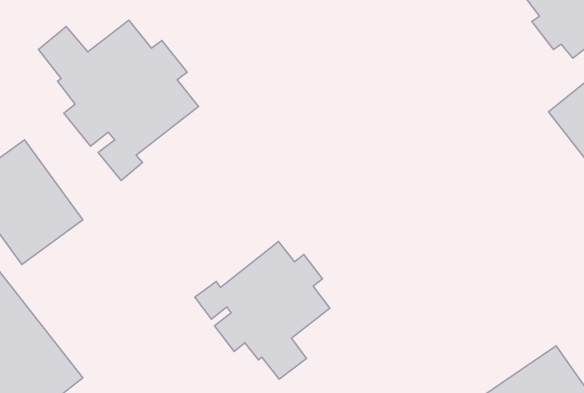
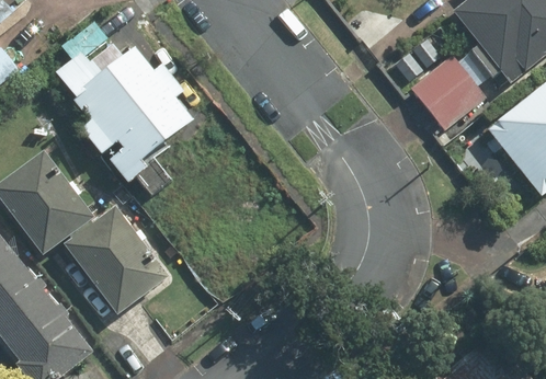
building: none -> [416,54,489,127]
building: none -> [61,205,170,317]
building: [195,241,330,379] -> none

